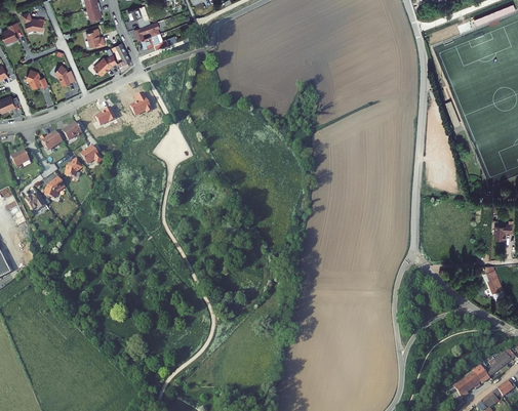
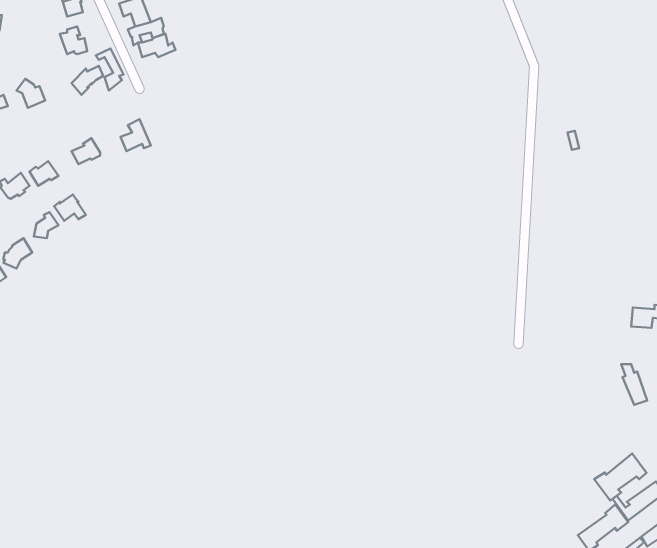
building: none -> [594,454,647,501]

